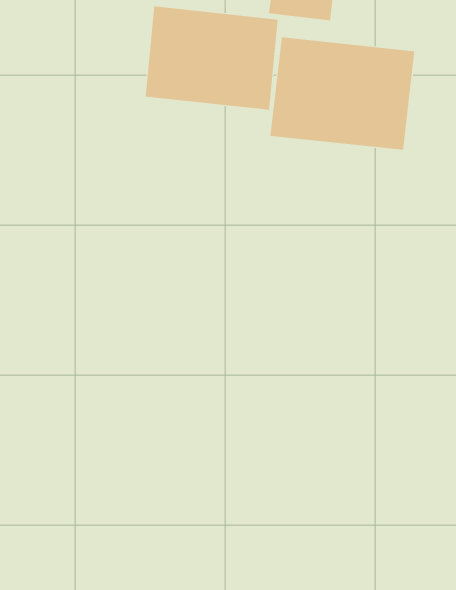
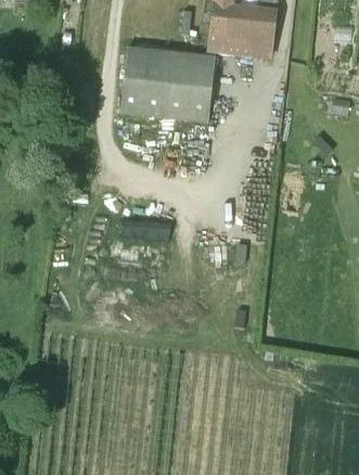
building: [270,37,415,151] -> none

